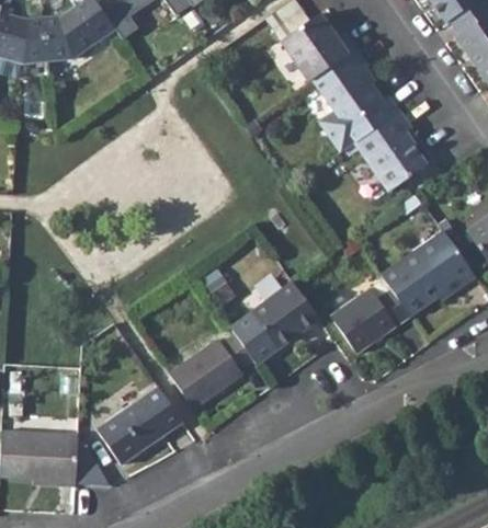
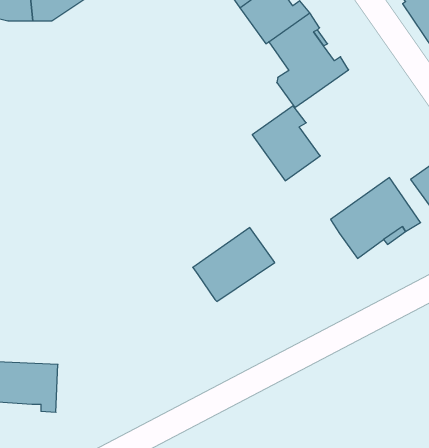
building: [353,111,428,193] -> [252,106,320,181]
building: [328,289,408,356] -> none
building: [166,335,251,411] -> none
building: [93,388,181,467] -> none

